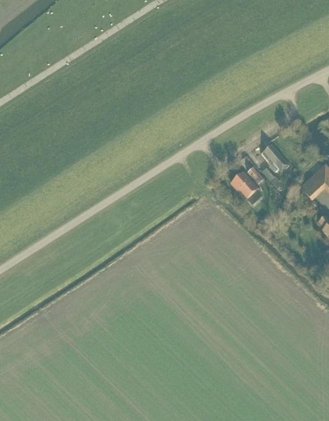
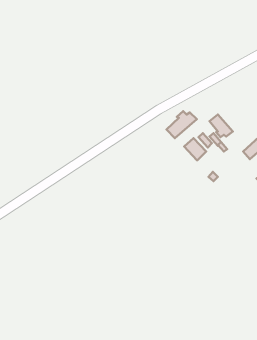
building: none -> [166,111,197,138]

